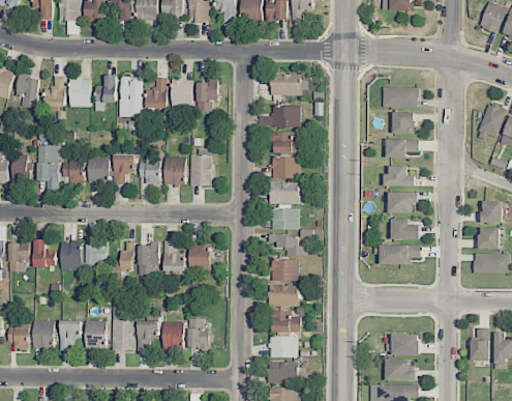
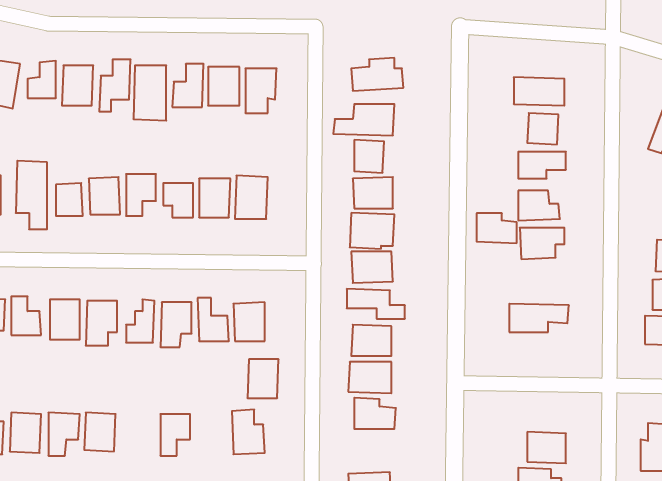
building: [391,219,419,239] -> [477,213,517,243]
building: [112,320,133,350] -> none
building: [162,322,184,349] -> [247,359,279,398]
building: [269,336,297,357] -> none

